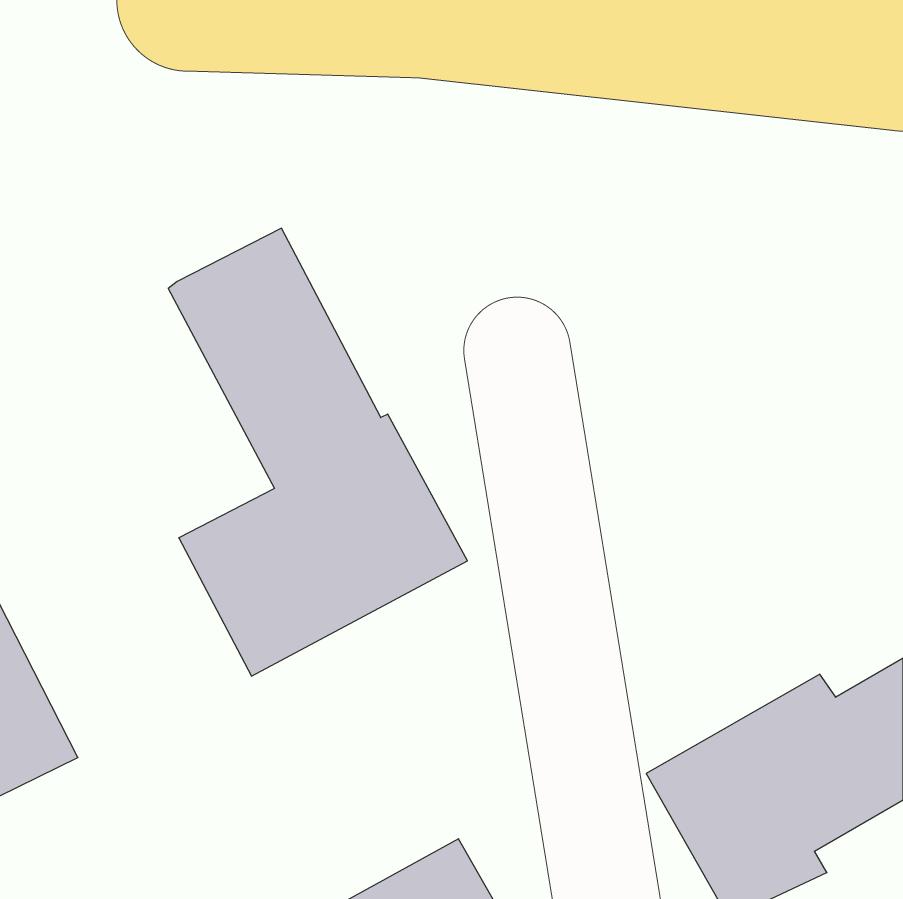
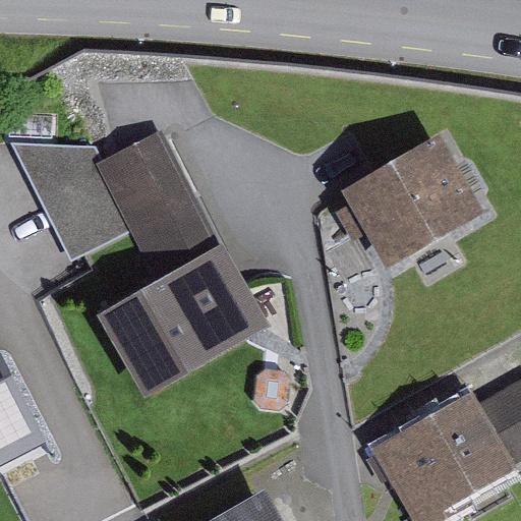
building: none -> [335,132,483,267]
building: none -> [10,144,132,264]

